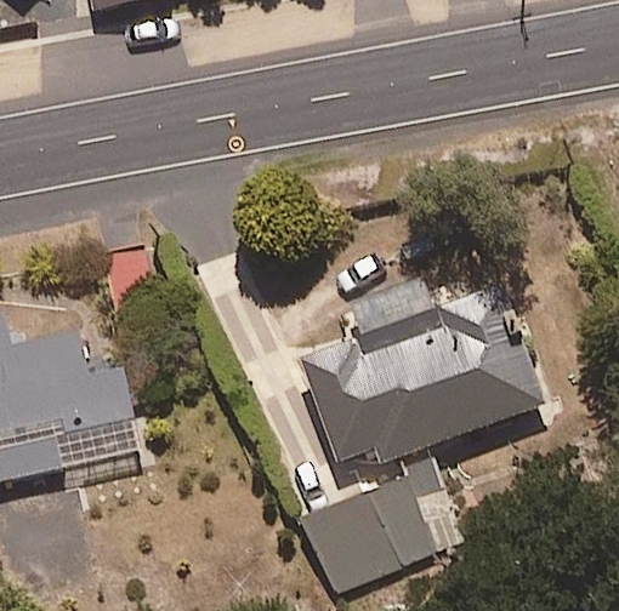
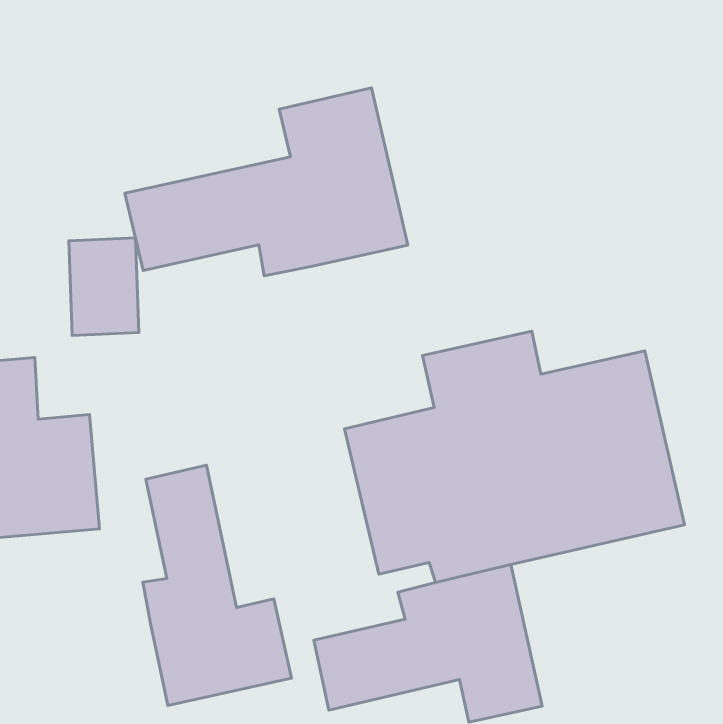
building: none -> [125,88,408,276]
building: none -> [143,465,291,706]

